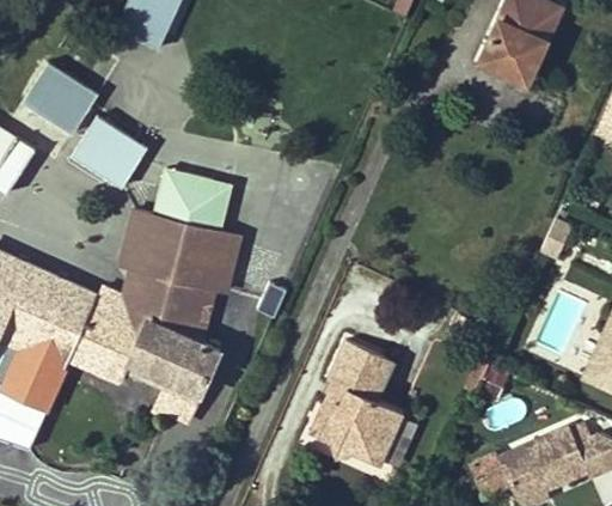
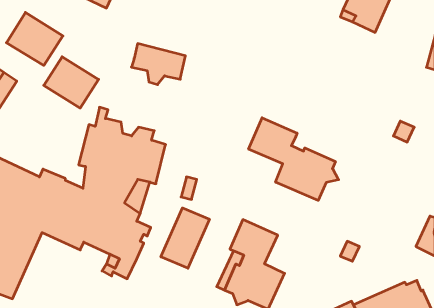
building: [157,170,231,226] -> [131,44,185,85]
building: none -> [249,118,339,200]
building: none -> [161,208,209,268]

